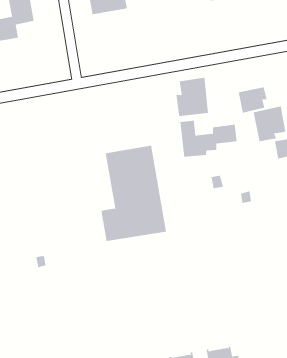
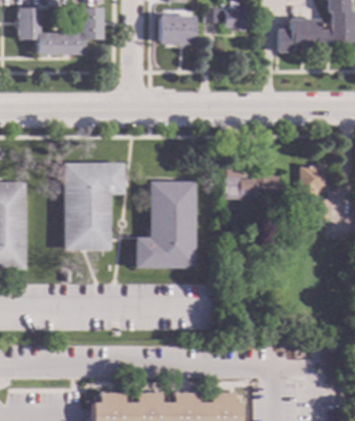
building: [176,77,209,117] -> none
building: [238,86,267,114] -> none
building: none -> [62,163,124,249]

